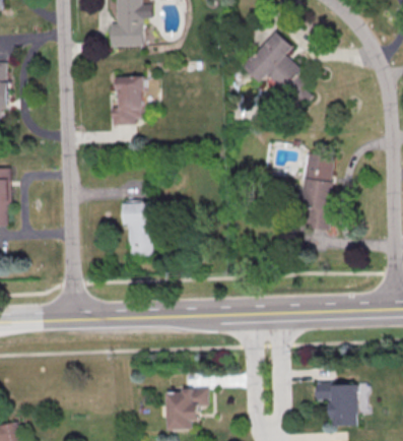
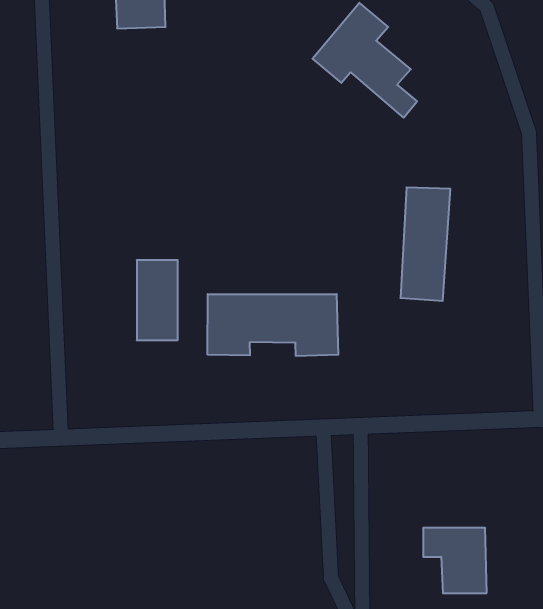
building: [111,76,143,124] -> none
building: none -> [208,294,338,356]
building: [166,388,208,429] -> none

